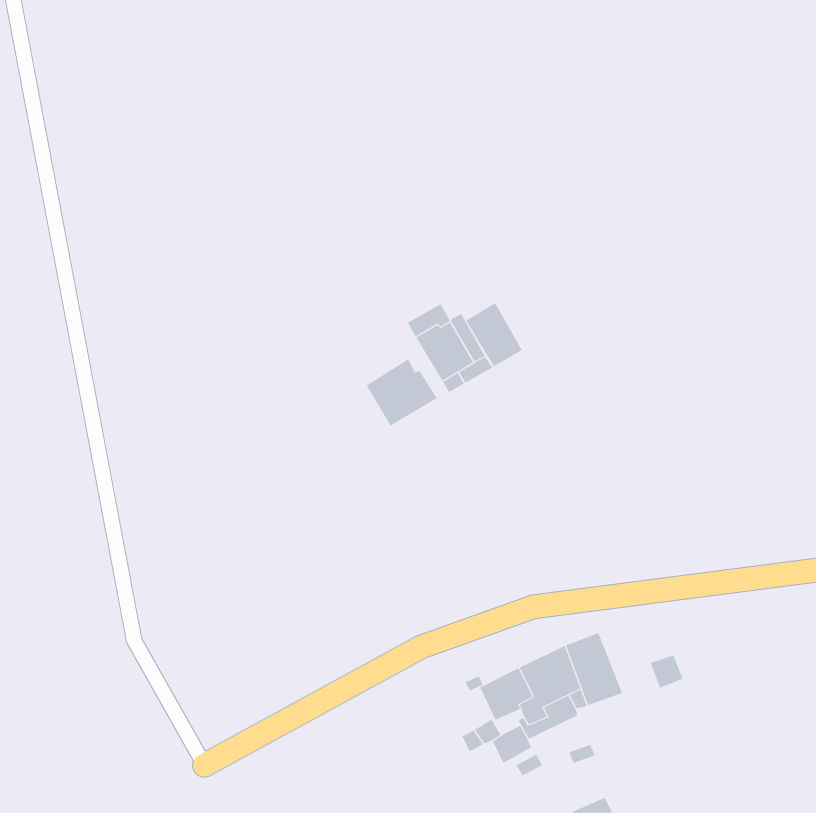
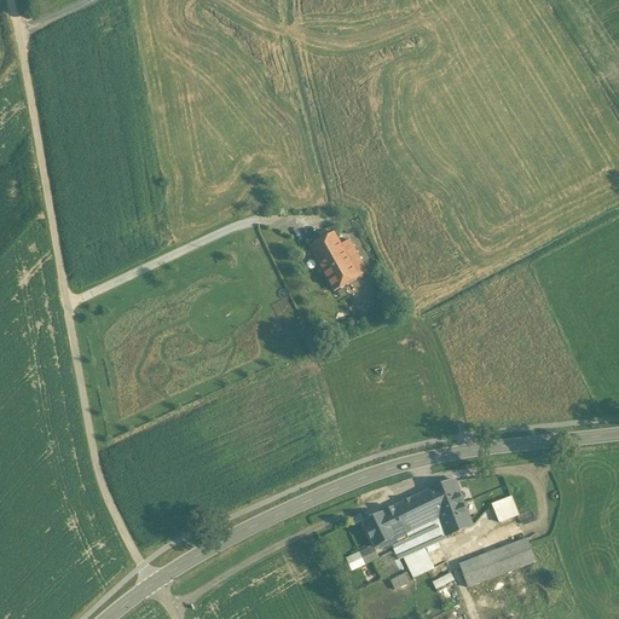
building: [465,302,523,367] -> none
building: [366,359,437,426] -> none
building: none -> [458,537,536,586]

